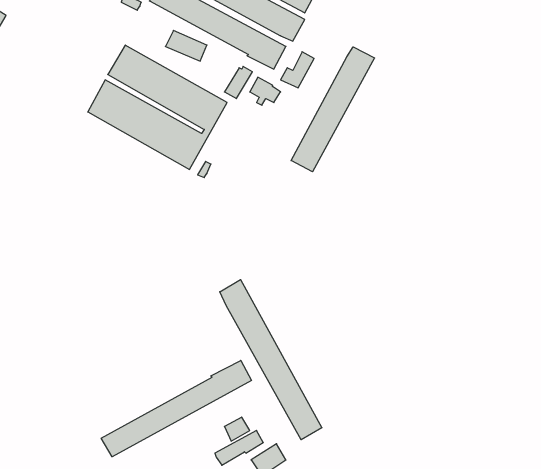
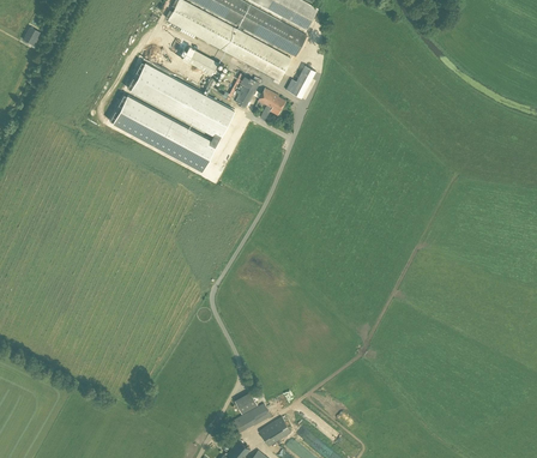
building: [291,47,375,172] -> none
building: [220,280,322,440] -> none
building: [101,360,251,457] -> none

